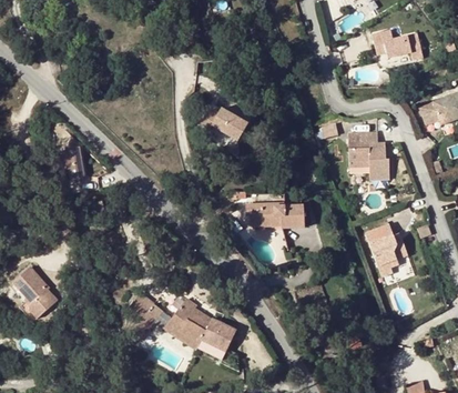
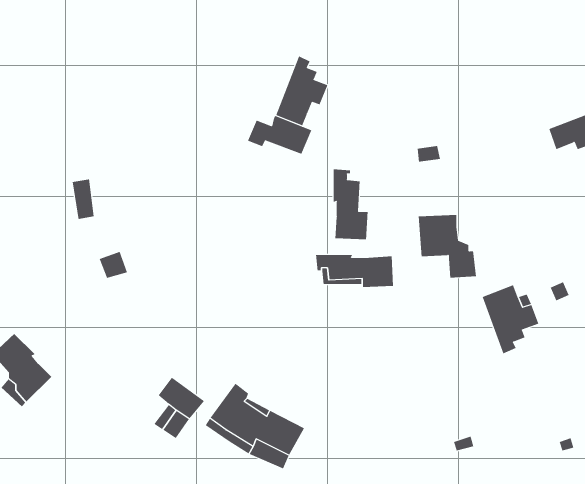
building: [368,36,417,63] -> none
building: none -> [276,56,328,126]
building: [348,132,391,179] -> [418,215,477,278]
building: none -> [333,169,368,240]

